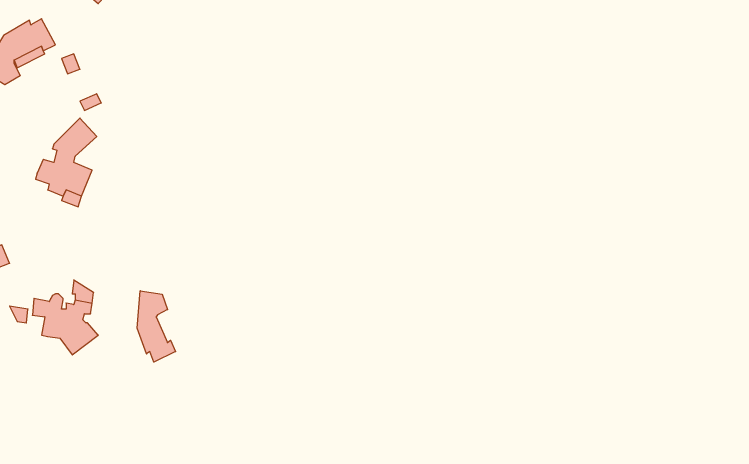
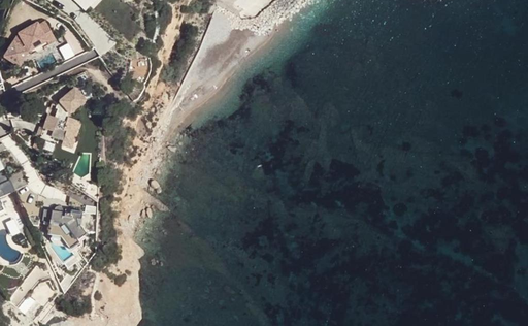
building: [137,291,176,362] -> none

